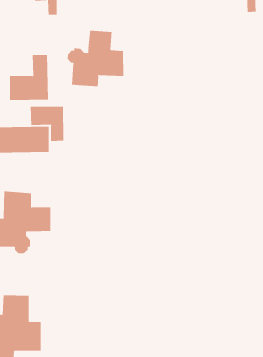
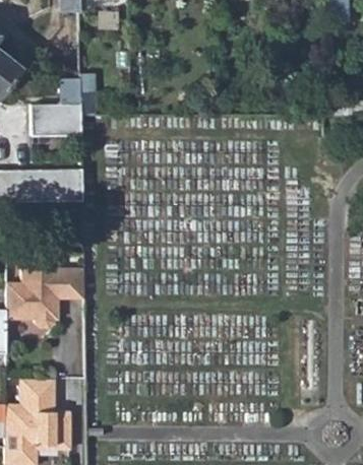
building: [67,30,124,87] -> none
building: [30,106,64,142] -> none

